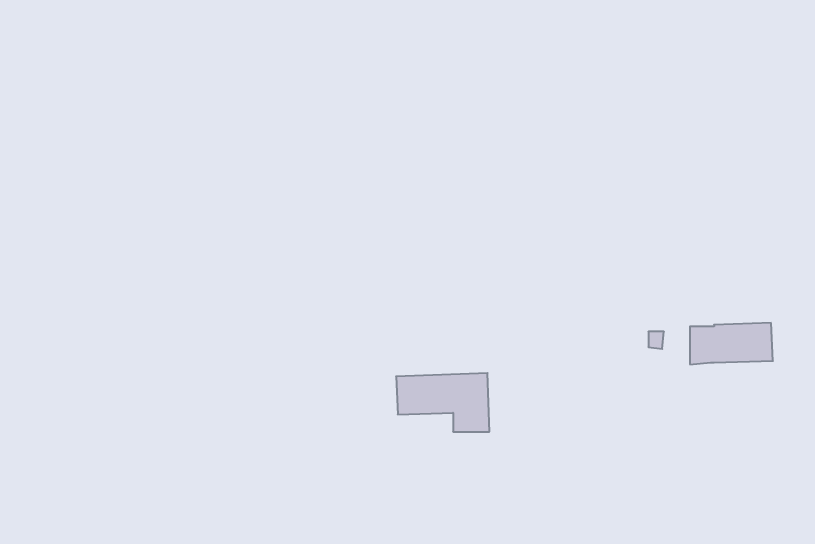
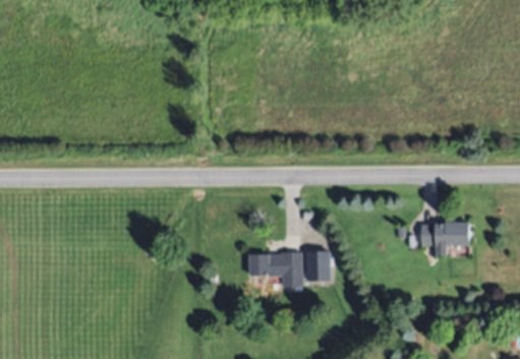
building: none -> [306,254,330,284]

